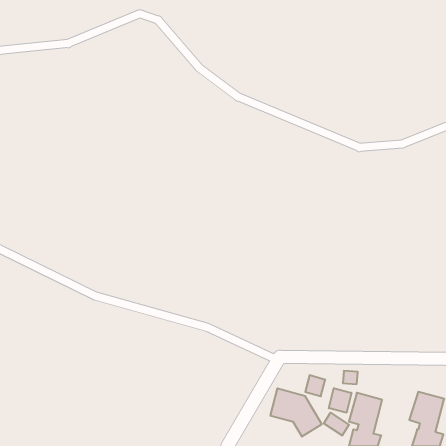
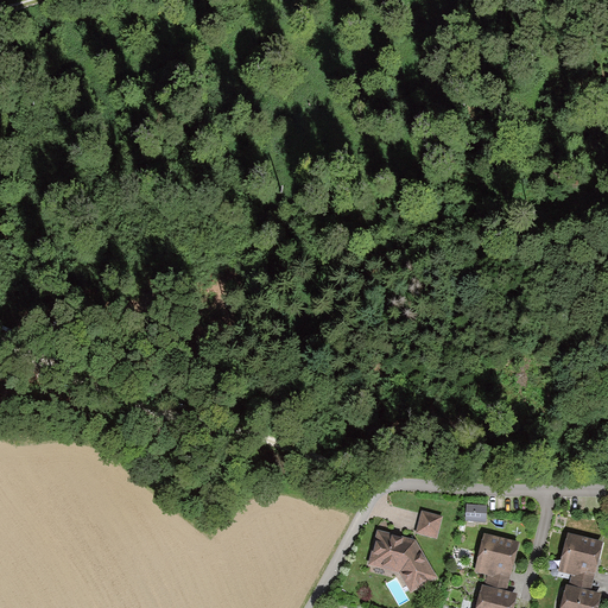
building: [329,388,351,413] -> none
building: [324,413,349,436] -> none

